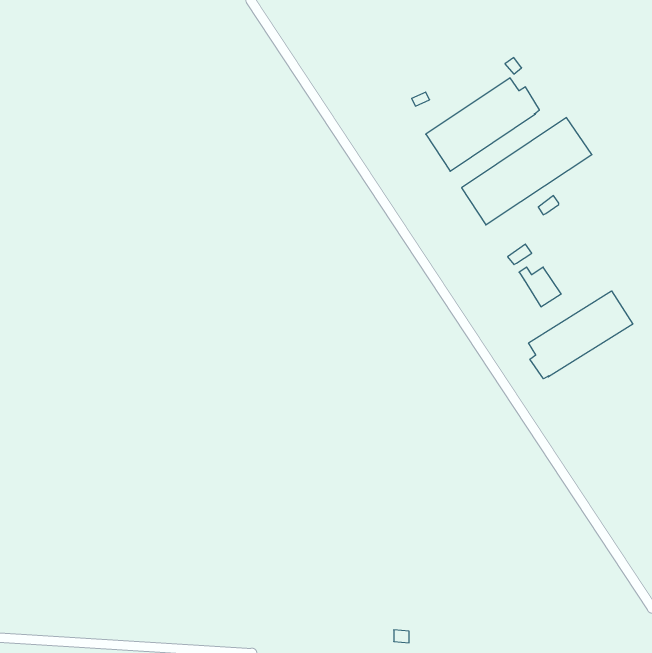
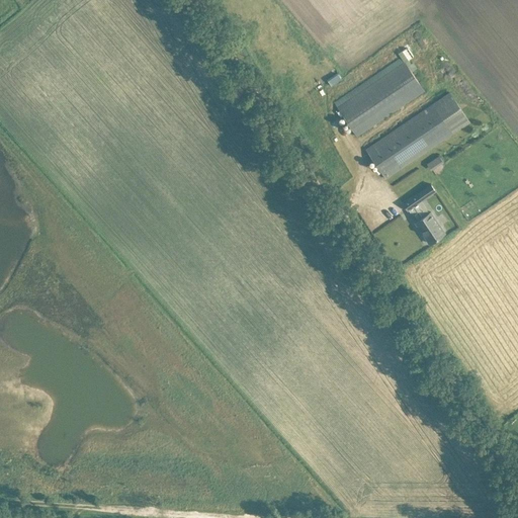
building: [529,291,633,379] -> none

